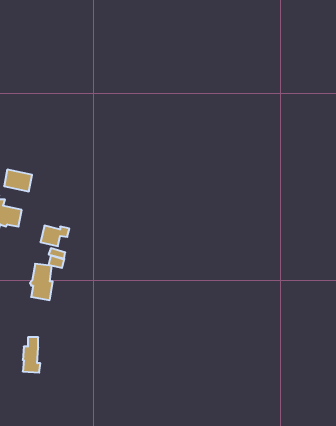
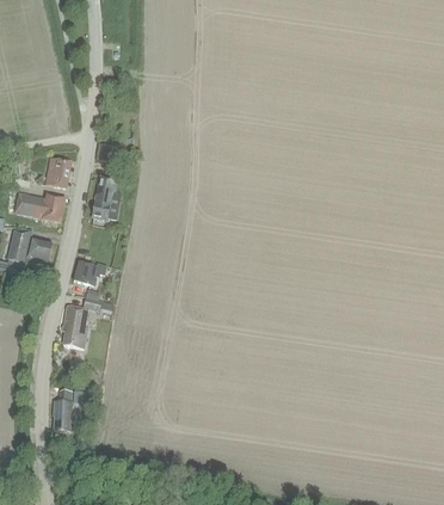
building: none -> [45,156,72,186]
building: none -> [92,174,118,218]

